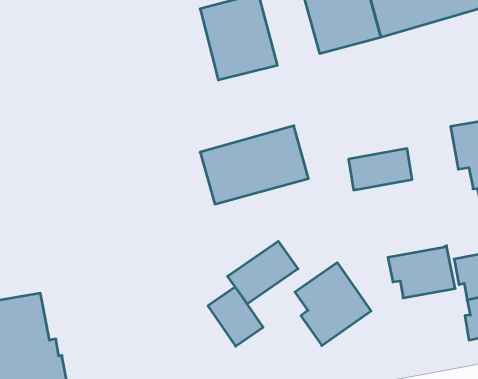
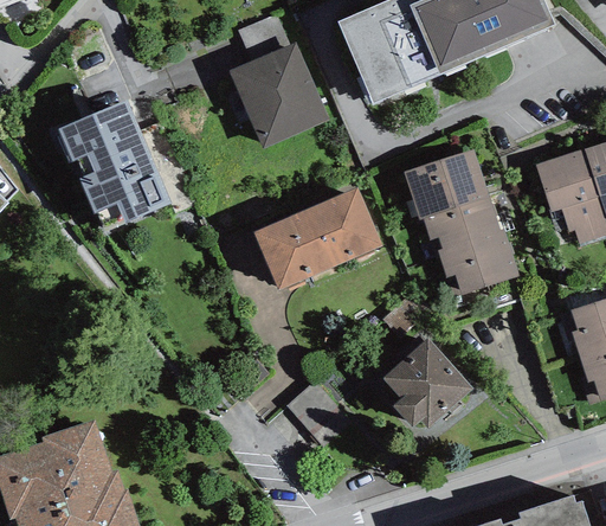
building: none -> [60,103,162,219]
building: none -> [402,149,488,219]
building: [228,241,298,304] -> none
building: [388,246,455,298] -> [437,229,518,295]

